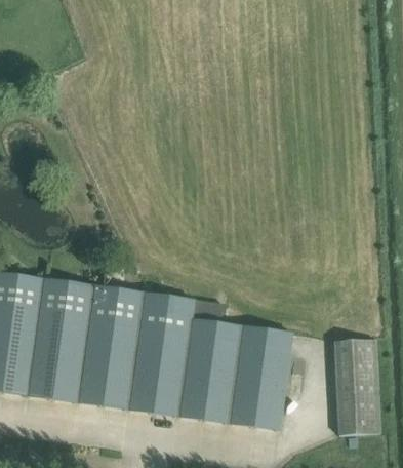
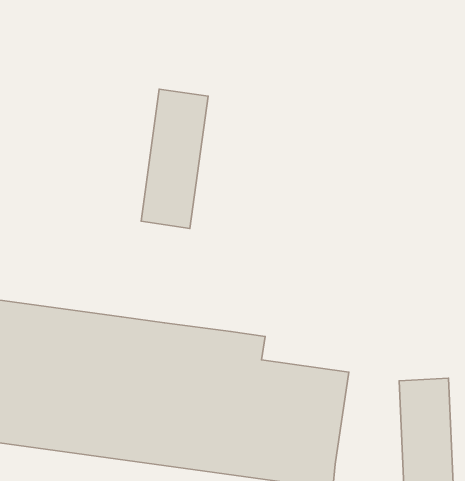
building: none -> [141,89,208,228]

